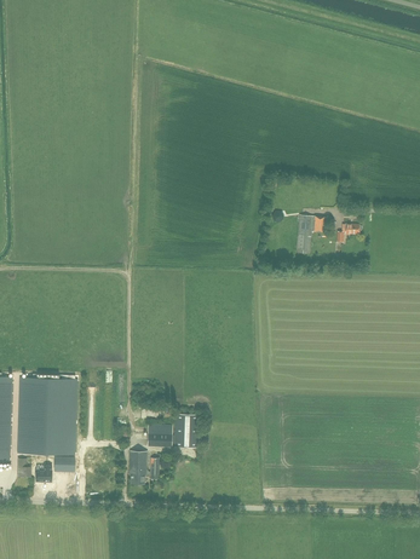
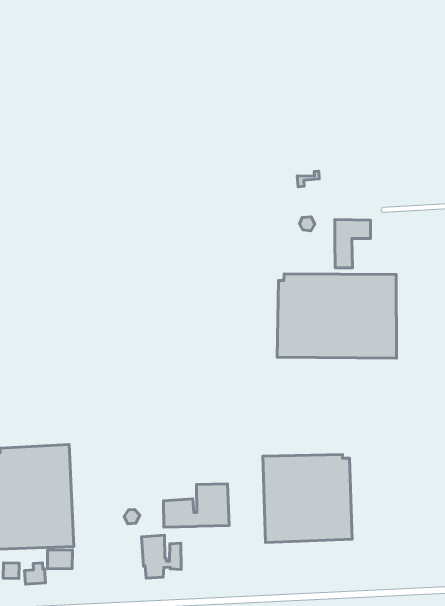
building: none -> [277,274,397,358]
building: none -> [263,454,352,543]

